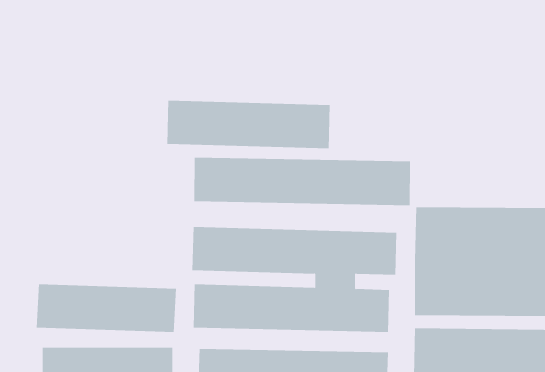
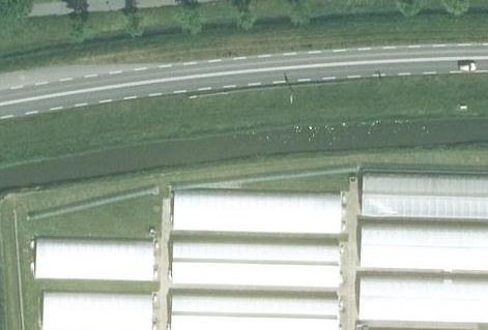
building: [167,100,330,149] -> none
building: [194,157,411,206] -> none

